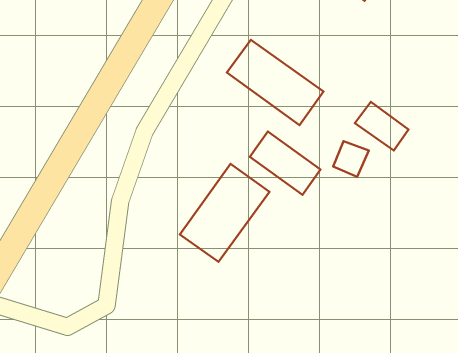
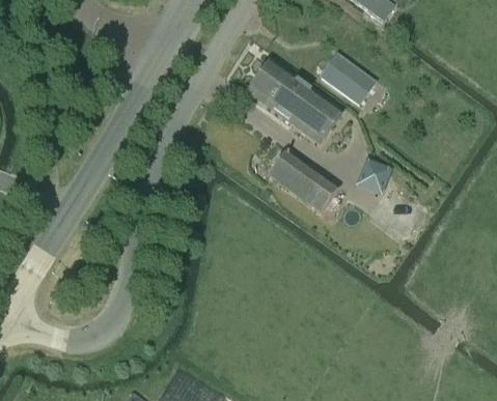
building: [355,102,409,150] -> [322,55,375,103]
building: [180,164,270,262] -> none

